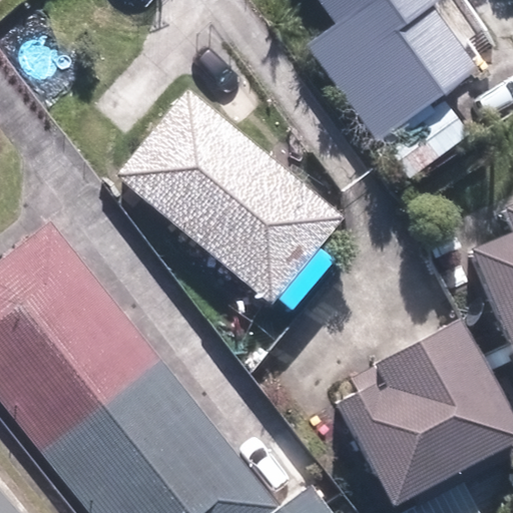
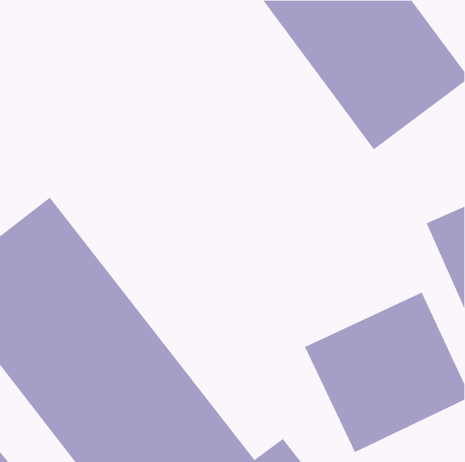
building: [122,95,338,297] -> none

